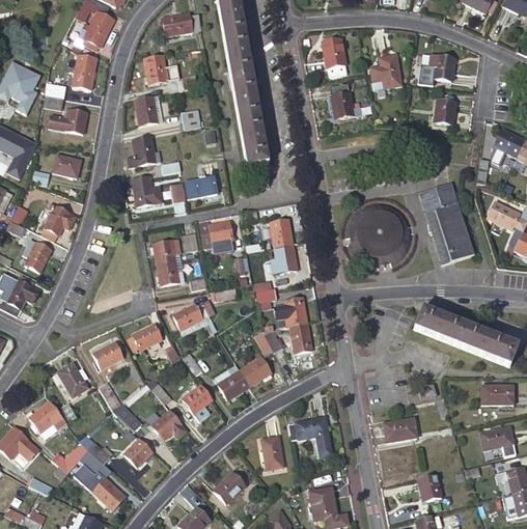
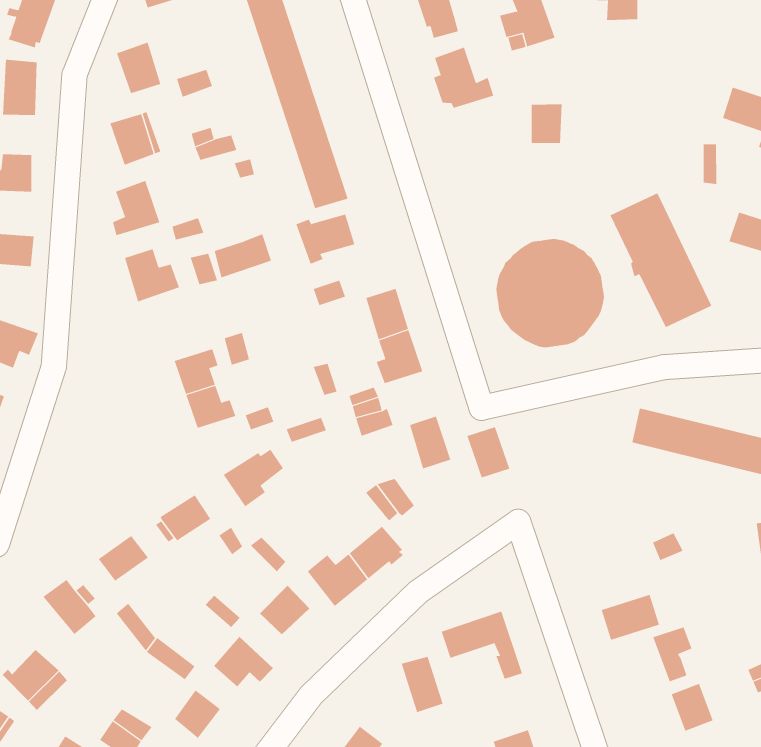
building: [434,100,455,124] -> [531,104,563,144]
building: [199,221,232,248] -> [296,214,355,265]
building: [289,324,312,353] -> [467,427,510,478]
building: none -> [653,626,692,682]

